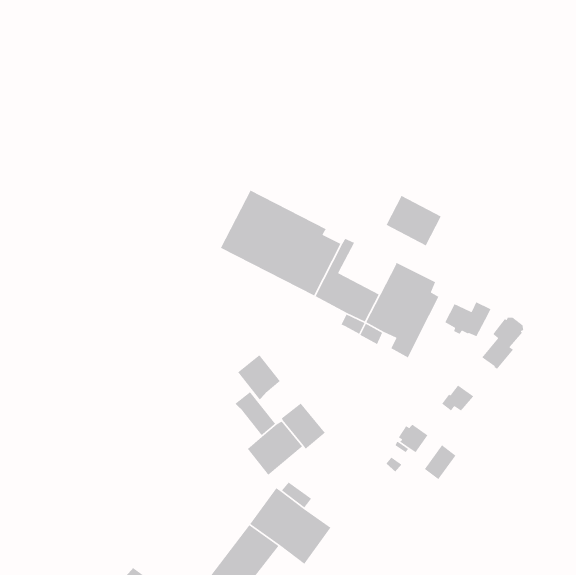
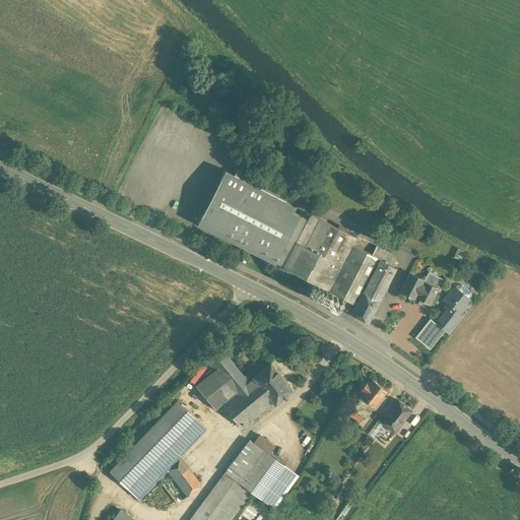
building: [385,195,442,247] -> [306,219,356,266]
building: [237,354,281,400] -> [196,370,236,411]
building: [441,385,474,412] -> [415,321,445,345]
building: none -> [111,399,207,505]

